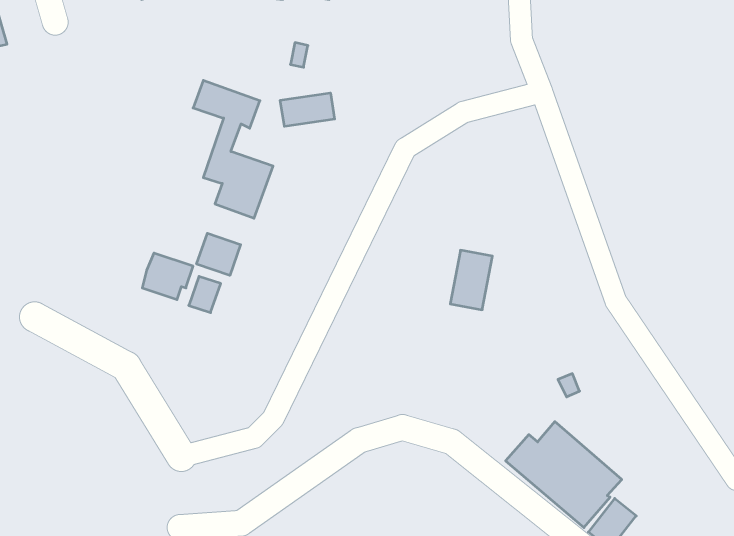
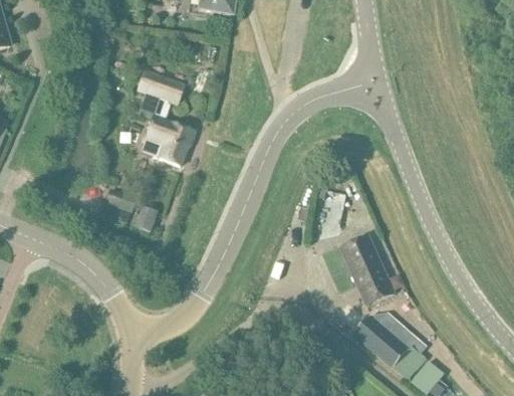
building: [280,93,335,126] -> none
building: [197,233,241,275] -> none
building: none -> [341,234,394,305]

